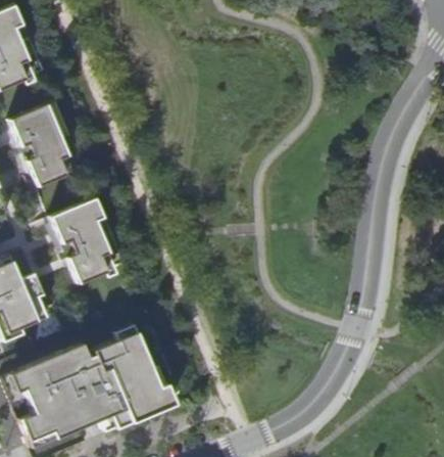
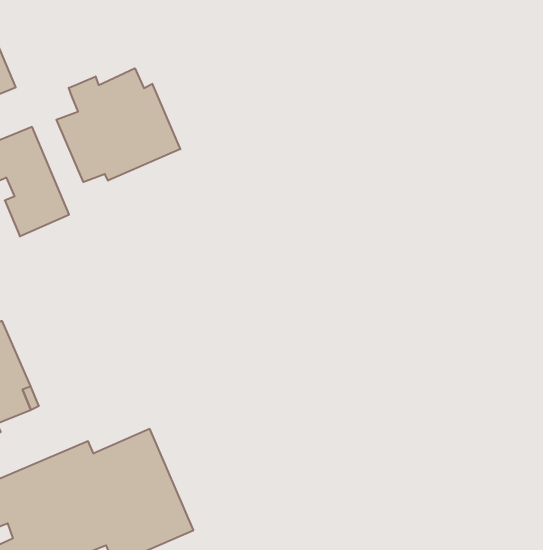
building: none -> [56,68,180,182]
building: [51,200,116,283] -> none

